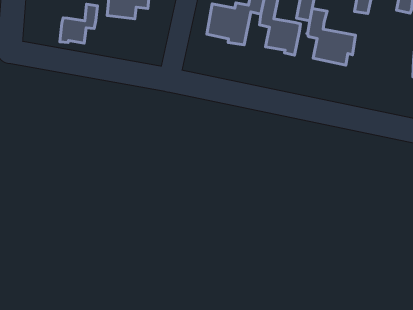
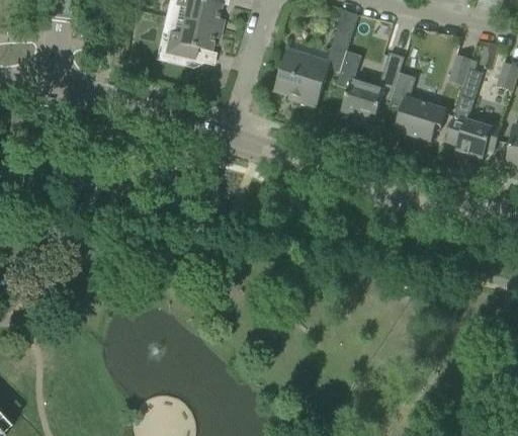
building: [60,4,97,43] -> none
building: none -> [446,95,502,158]

